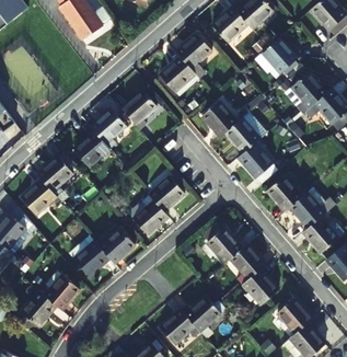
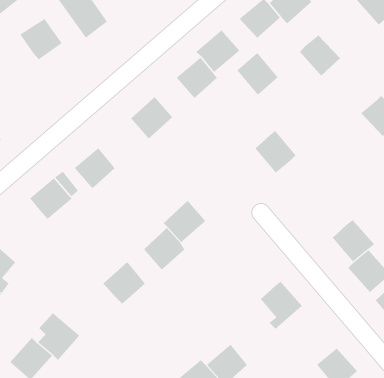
building: none -> [20,18,63,60]
building: [286,71,327,112] -> none
building: [203,101,238,137] -> [236,52,278,95]
building: [91,107,126,143] -> none
building: [239,142,274,177] -> none
building: [267,175,302,211] -> none
building: [22,180,62,214] -> none
building: [207,228,242,263] -> none
building: [69,233,109,276] -> none
building: [243,268,278,304] -> none

